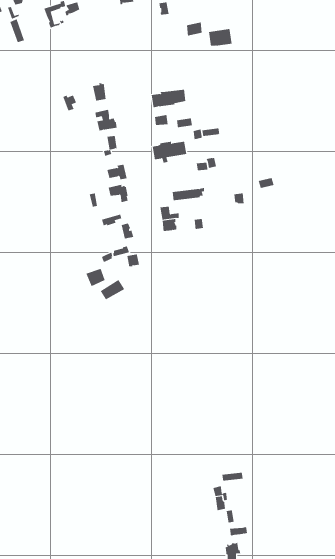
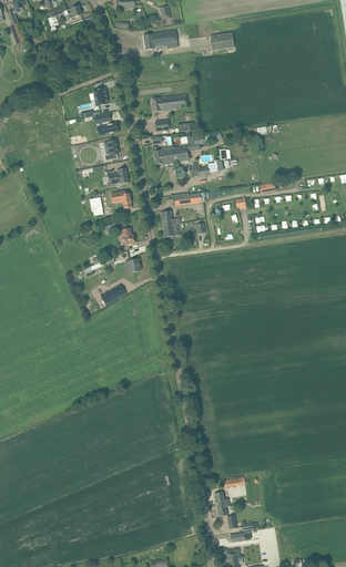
building: none -> [144,30,177,49]

